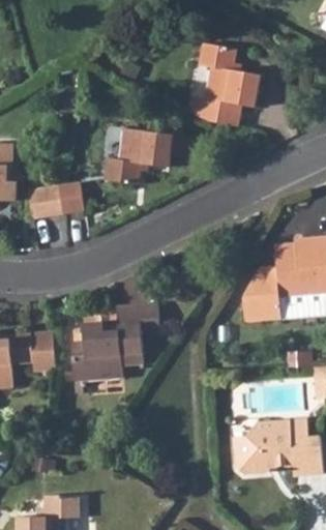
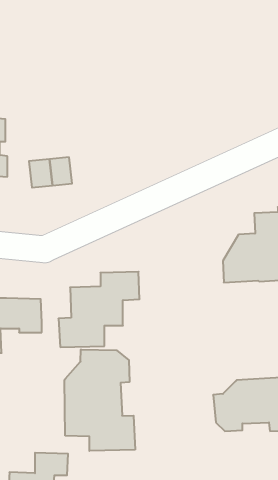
building: [201,46,261,127] -> none
building: [105,127,192,184] -> none
building: none -> [64,349,135,451]

